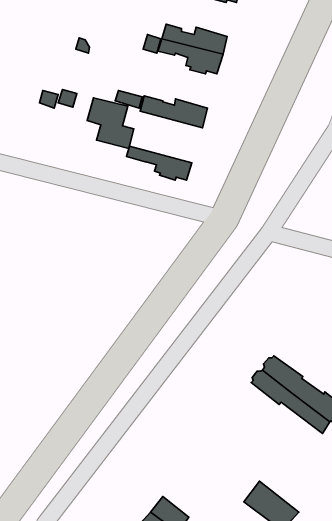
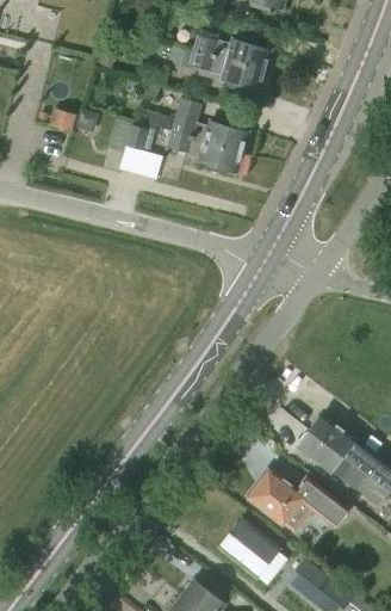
building: [126,146,192,180] -> [166,135,241,174]
building: none -> [249,473,347,533]
building: none -> [219,518,287,585]

